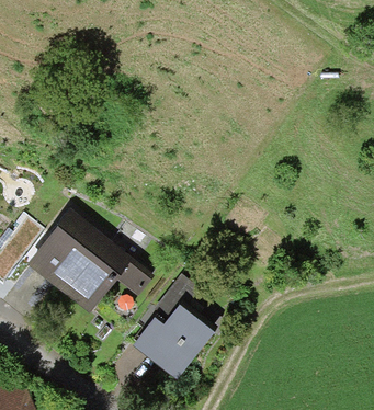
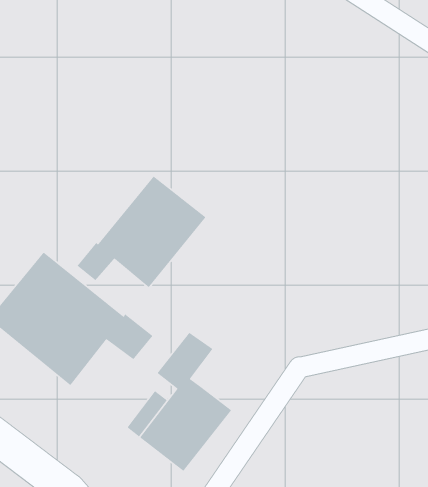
building: none -> [76,175,207,288]

